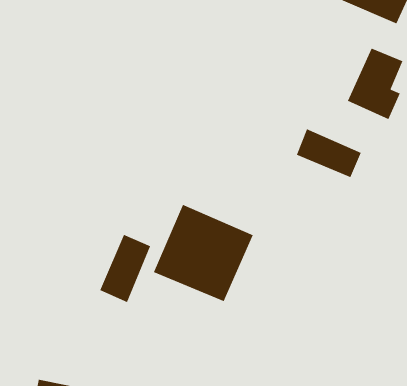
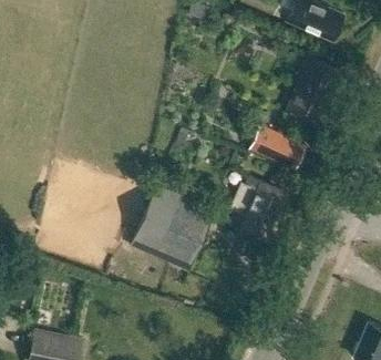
building: none -> [227,176,288,245]
building: [99,234,151,303] -> none

